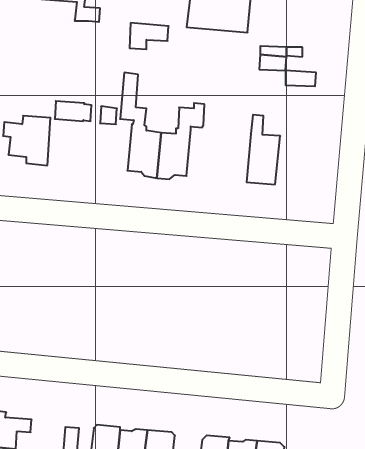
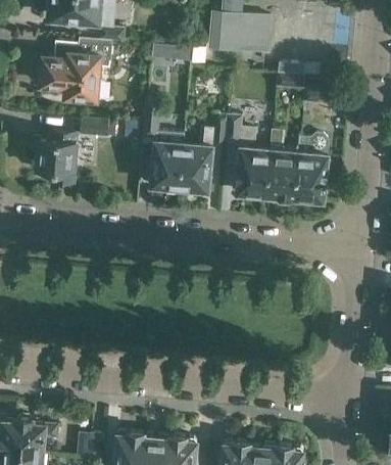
building: none -> [37,38,113,101]
building: none -> [225,115,271,197]
building: none -> [294,134,330,202]

